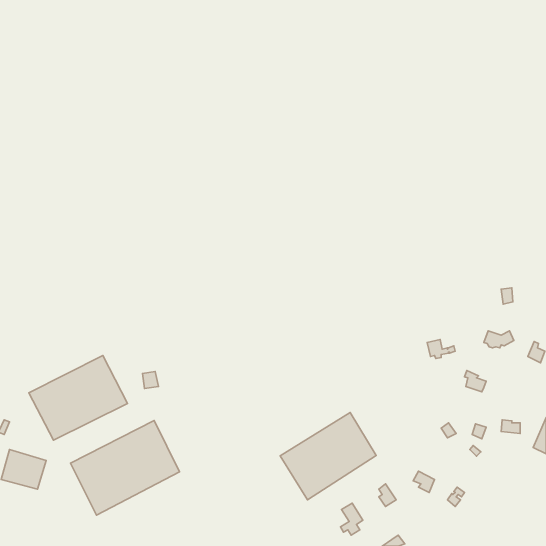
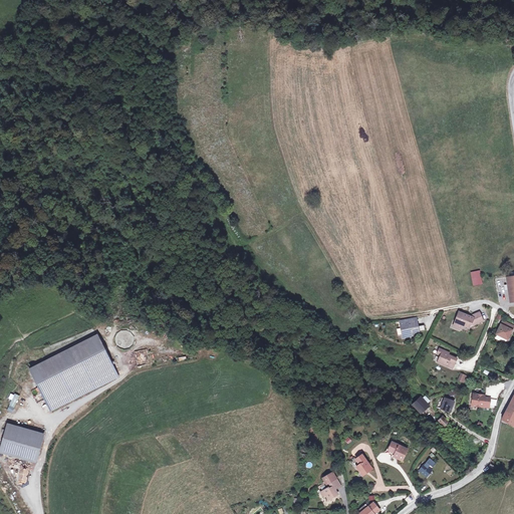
building: [280,412,376,500] -> none
building: [70,421,180,515] -> none

